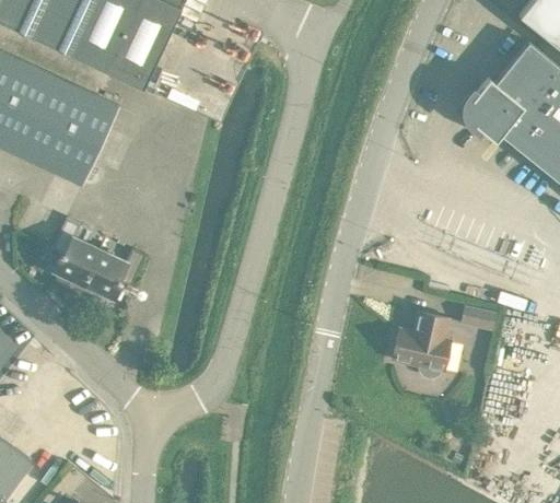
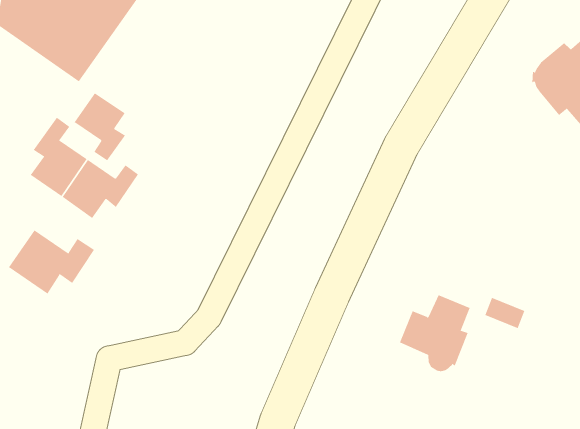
building: none -> [74,92,126,161]
building: none -> [8,229,95,294]

